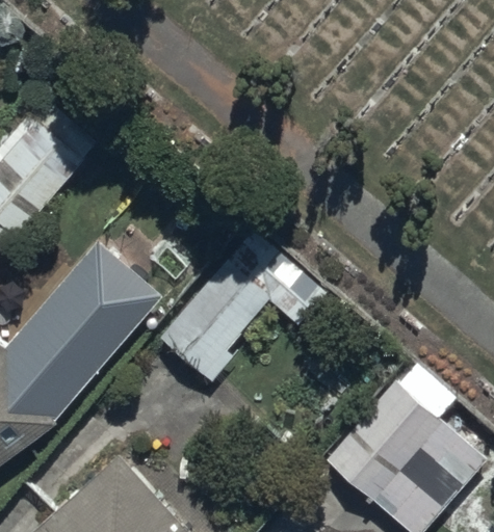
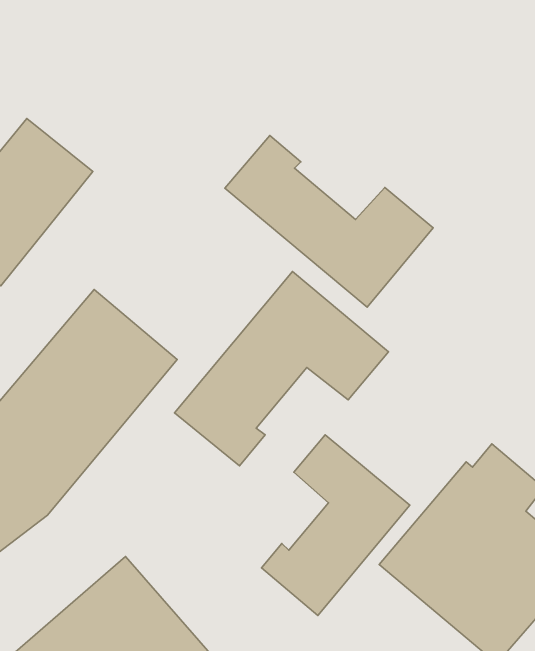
building: none -> [225,136,433,307]
building: none -> [262,435,410,615]

